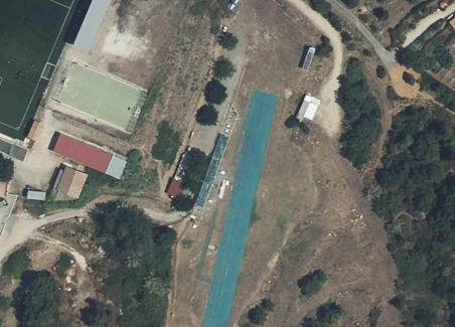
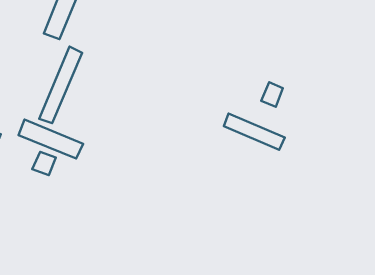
building: none -> [39,47,82,123]
building: none -> [224,114,285,150]

